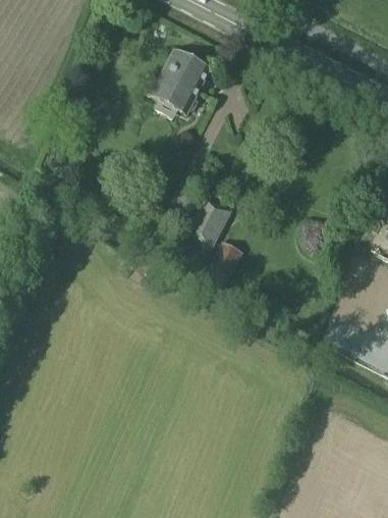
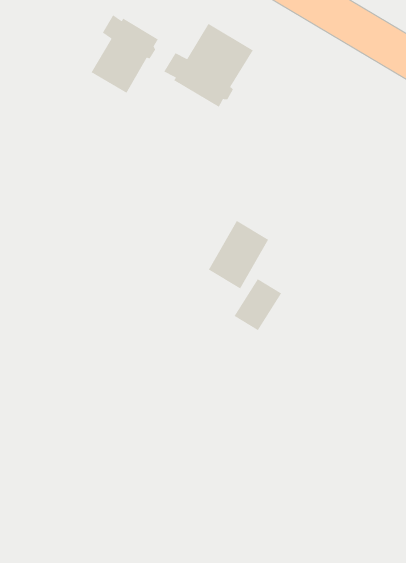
building: none -> [91,14,159,94]

